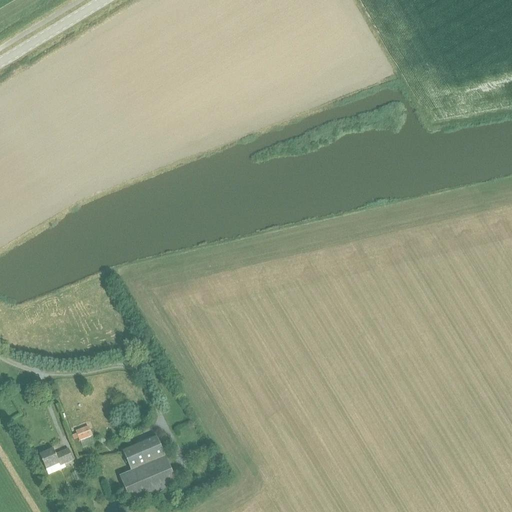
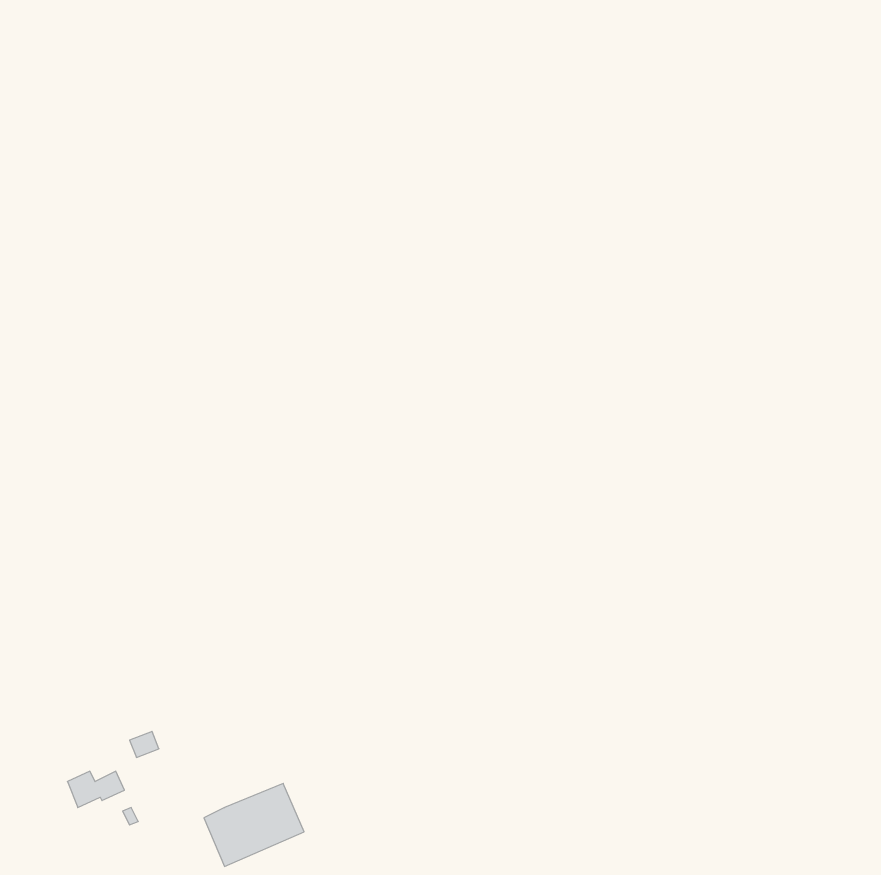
building: [122,433,164,467] -> none

